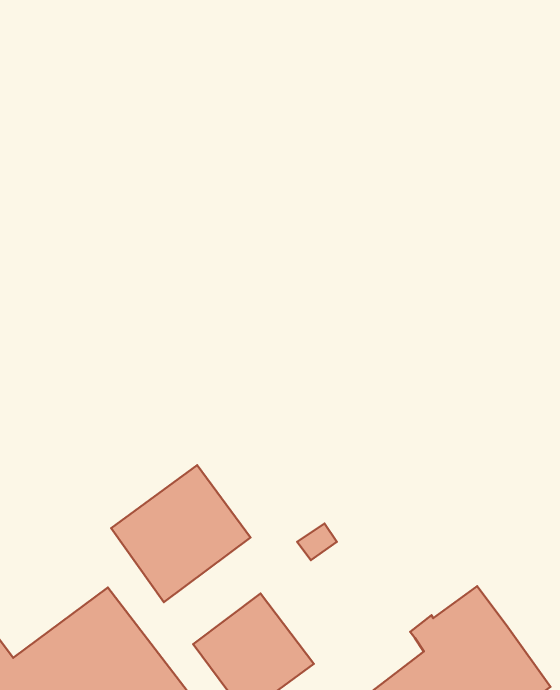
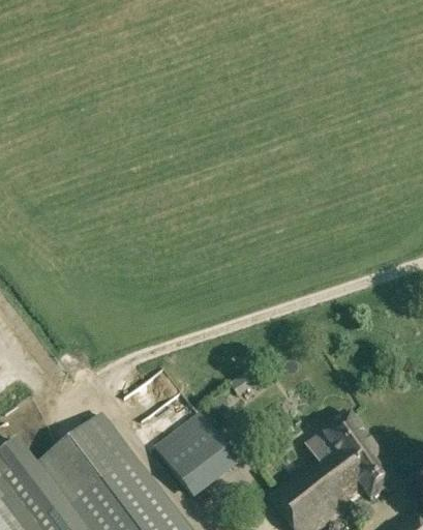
building: [111,465,251,602] -> none

